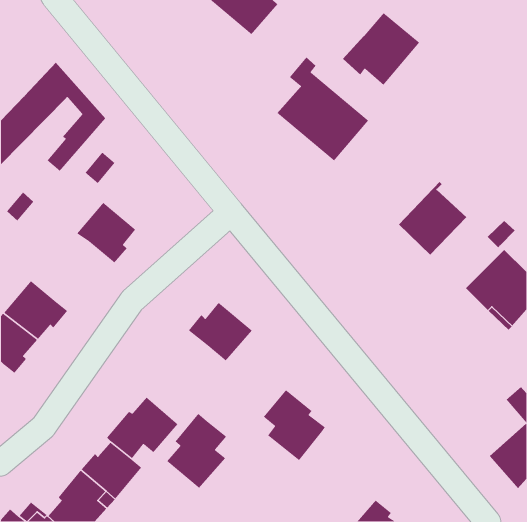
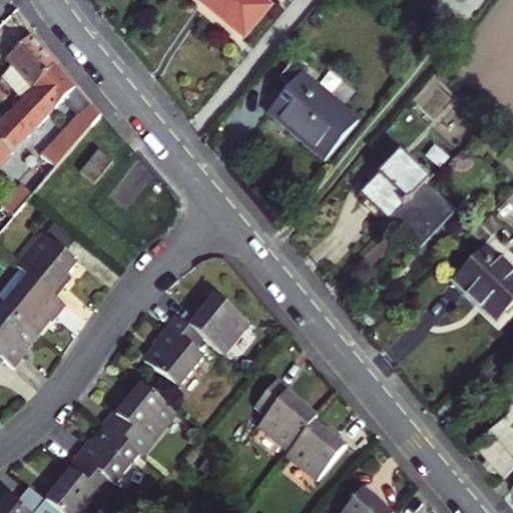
building: [342,12,420,86] -> none
building: none -> [5,32,54,93]
building: none -> [360,150,427,218]
building: [76,202,136,263] -> [18,233,76,294]
building: [166,413,227,489] -> [142,314,201,388]
building: none -> [288,420,347,477]

